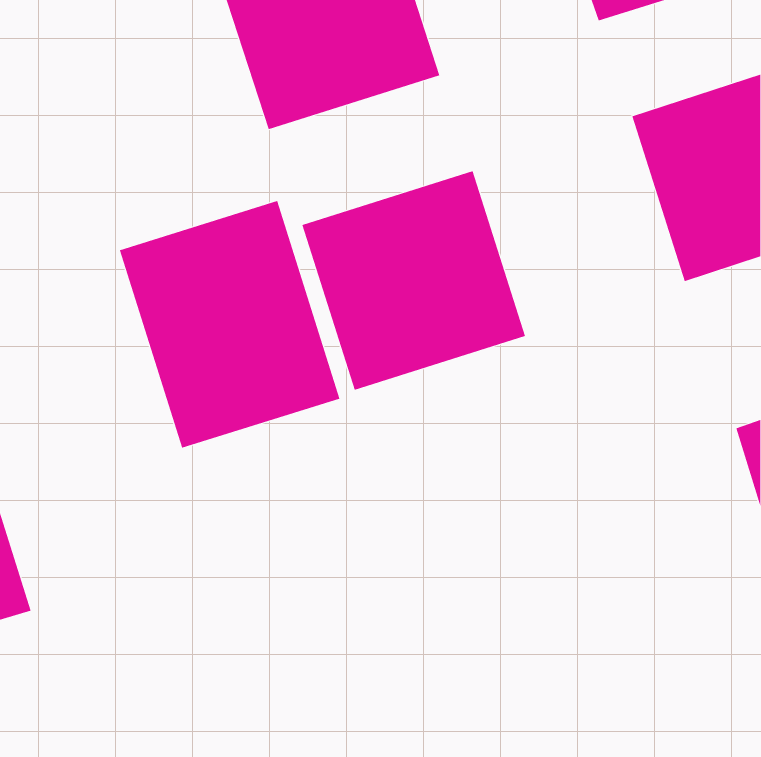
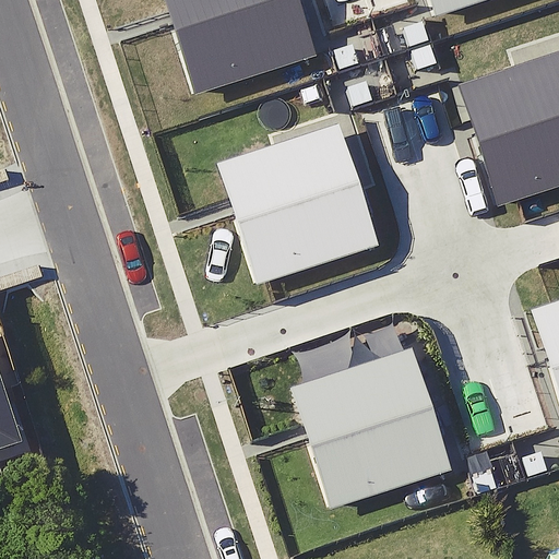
building: [119,200,340,449] -> none
building: none -> [294,347,457,507]

